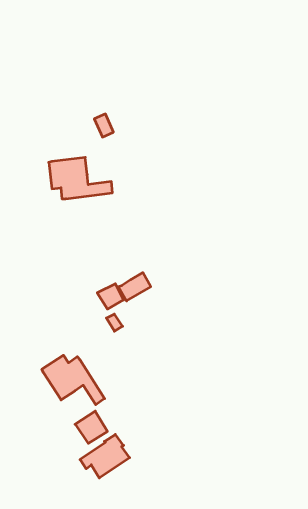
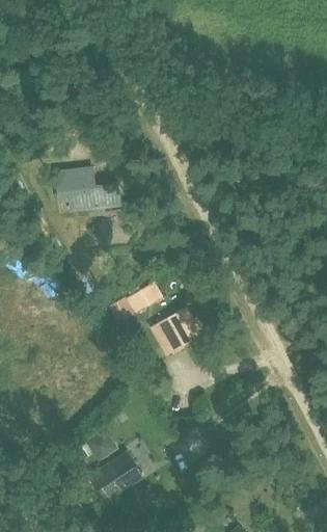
building: none -> [151,308,200,353]
building: [42,355,105,405] -> none

